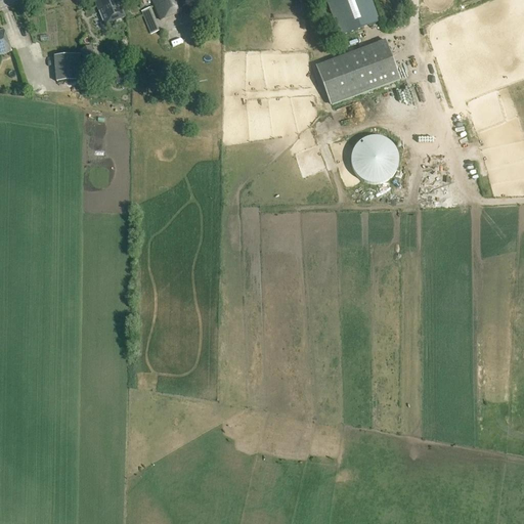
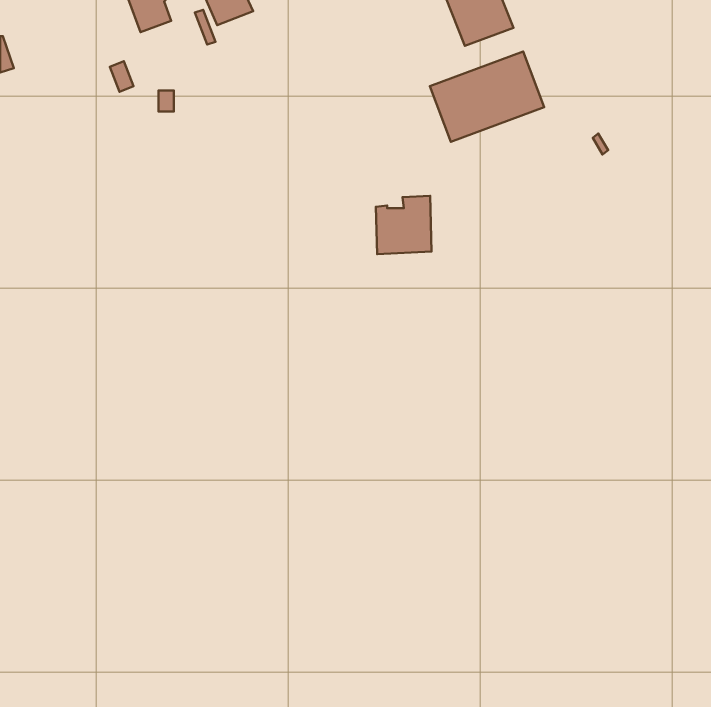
building: [53,51,80,78] -> none
building: [352,136,393,179] -> [376,196,432,254]

